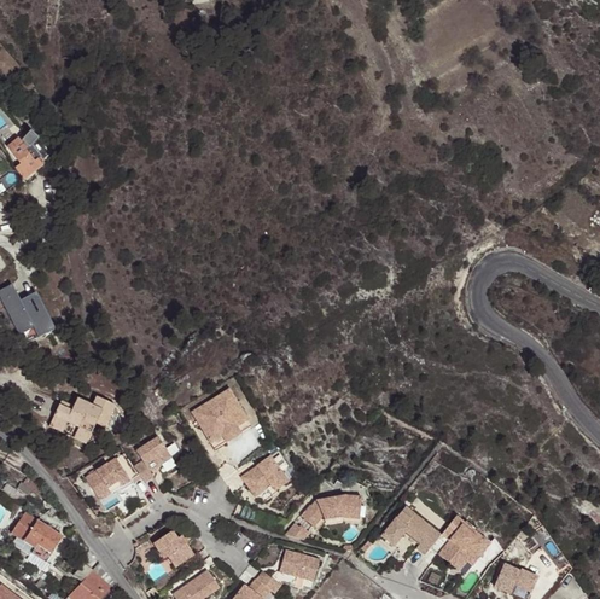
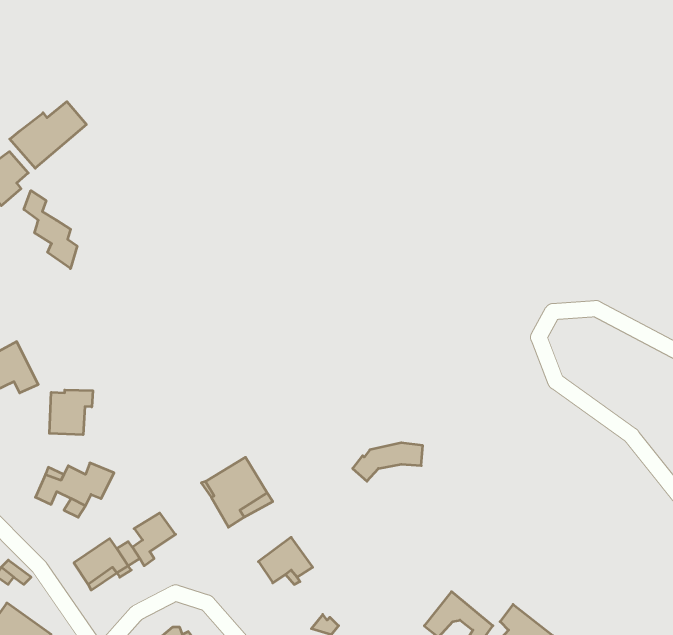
building: none -> [10,102,86,168]
building: none -> [24,191,77,269]
building: none -> [49,390,93,435]
building: [301,493,360,525] -> [353,443,423,481]

